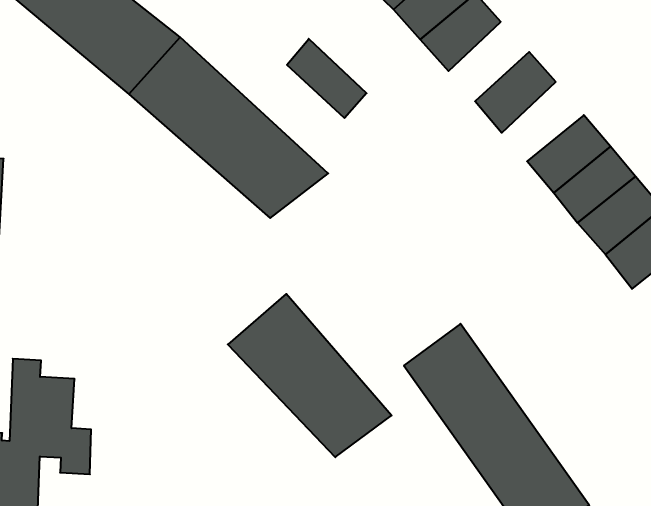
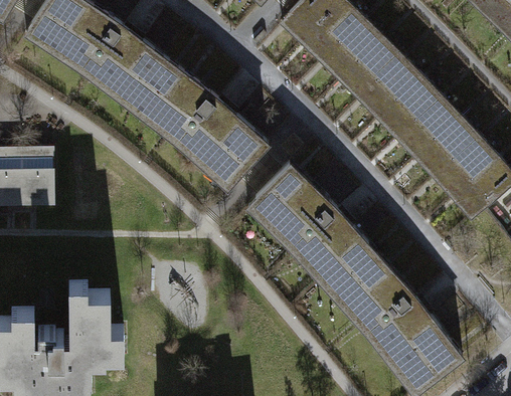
building: none -> [344,37,397,91]
building: [287,39,367,118] -> none
building: none -> [382,75,437,130]
building: [228,294,392,457] -> [249,164,362,271]

